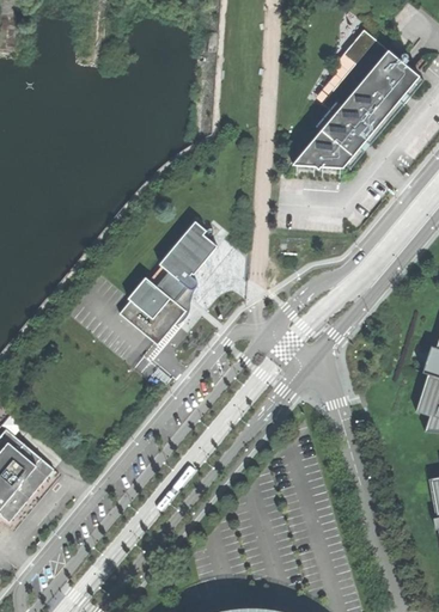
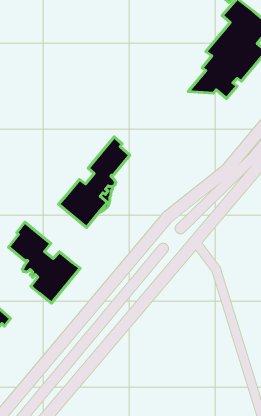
building: none -> [9,222,80,303]

